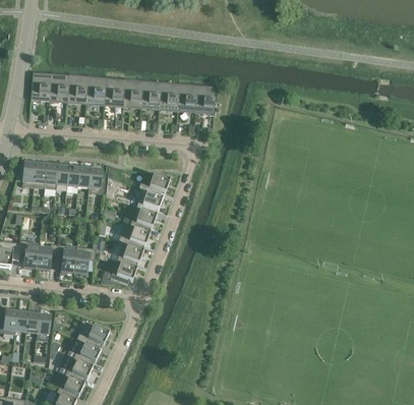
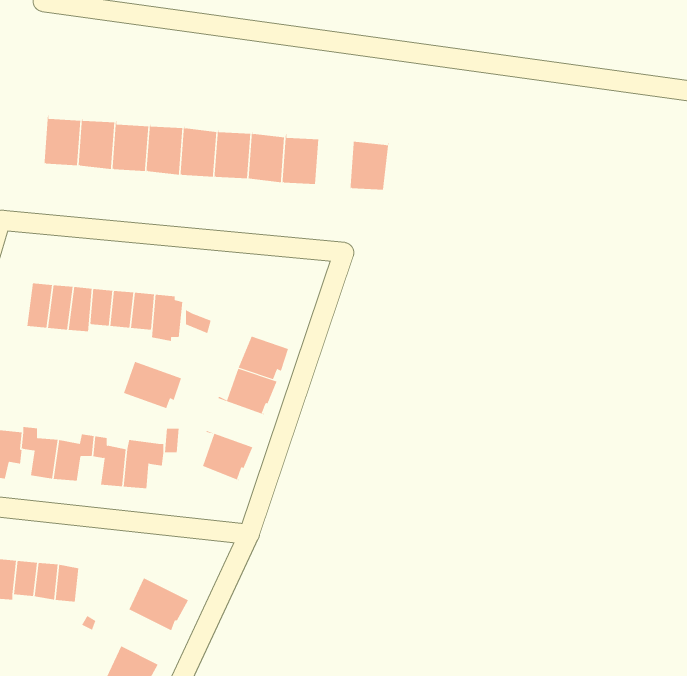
building: [177,83,197,112] -> none
building: [137,172,170,197] -> none
building: [118,224,150,250] -> [123,361,182,410]
building: [102,261,136,286] -> none
building: [72,338,101,367] -> none

